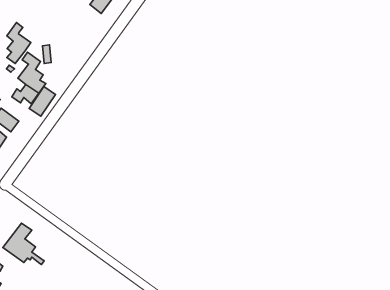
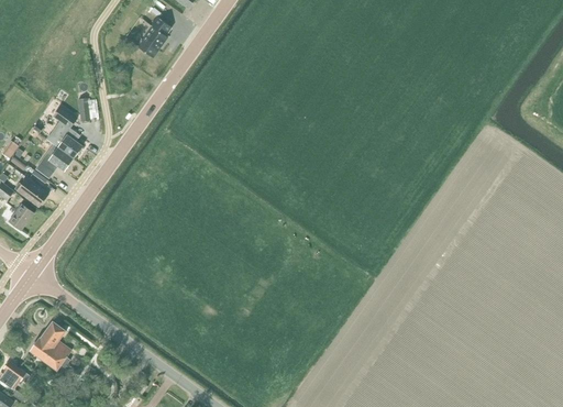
building: [7,22,31,64] -> none
building: [29,87,55,116] -> none

